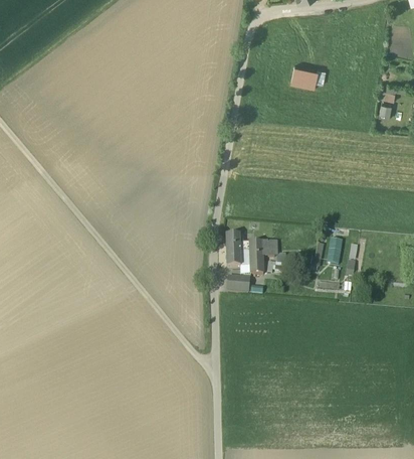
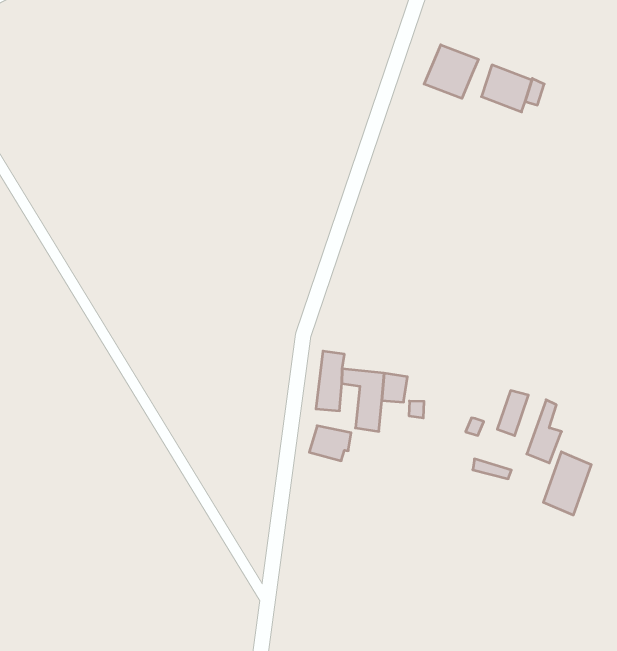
building: none -> [424,45,478,98]
building: none -> [543,452,591,515]

